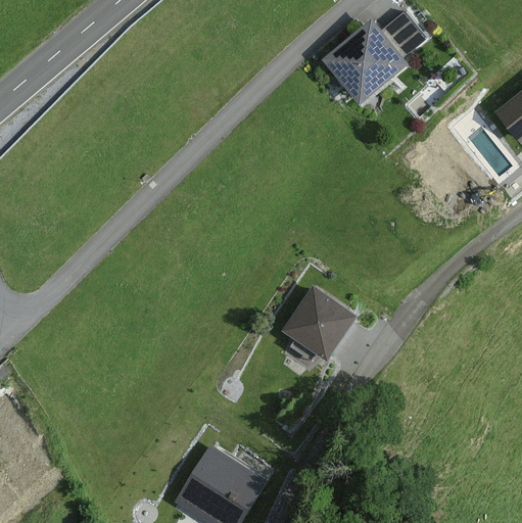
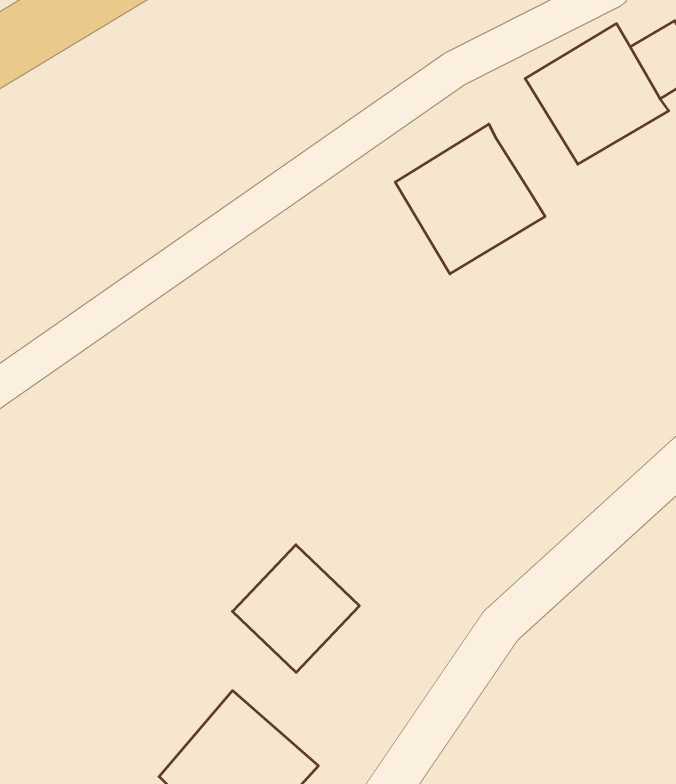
building: none -> [395,124,545,274]
building: [283,286,357,361] -> [232,545,359,672]

